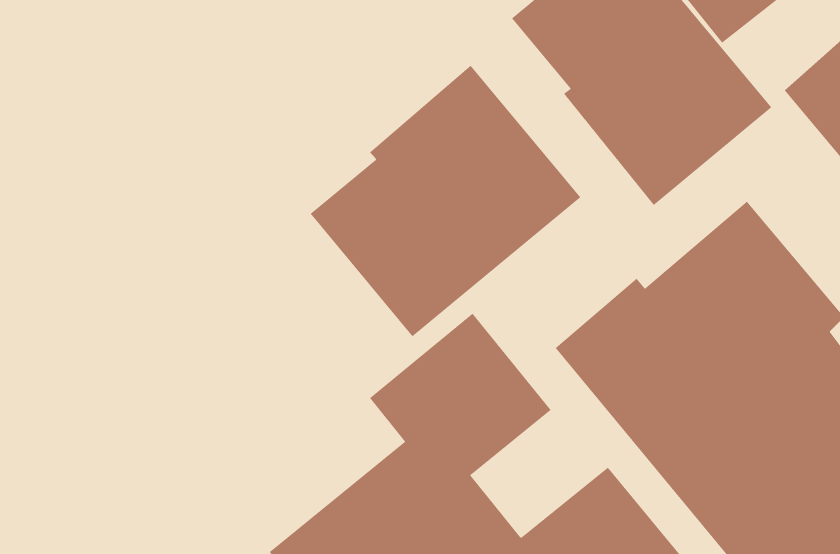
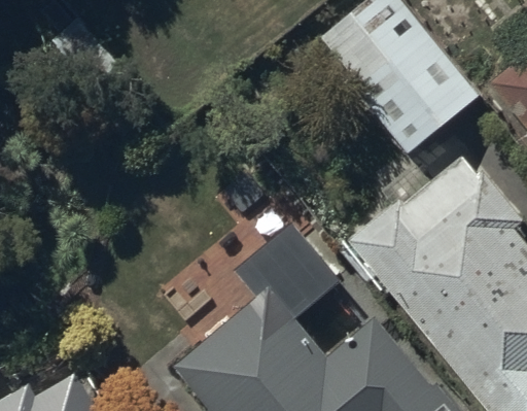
building: [310,65,581,337] -> none

